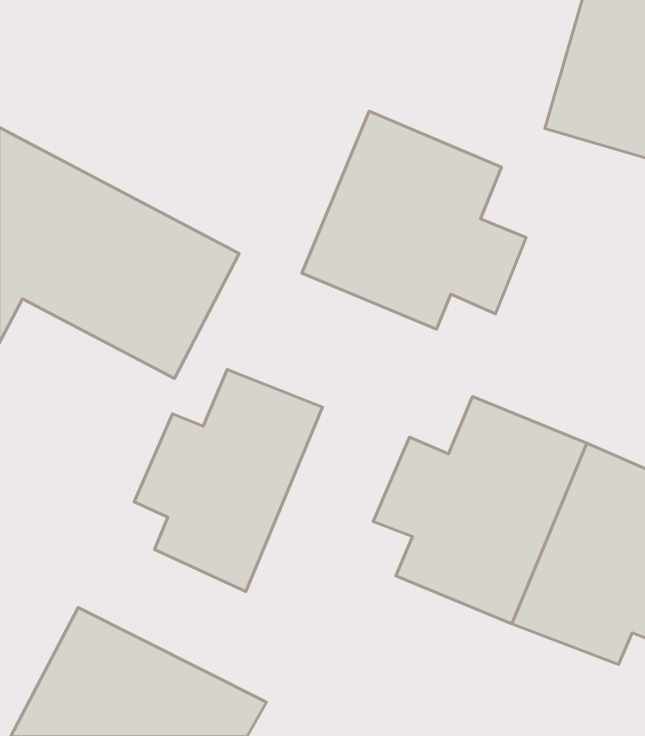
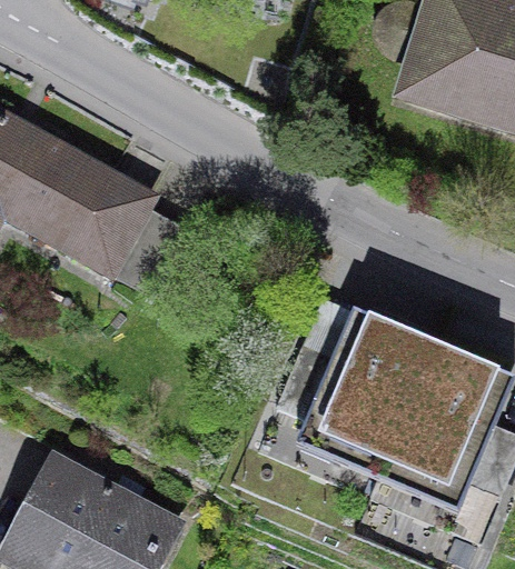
building: [302,111,526,329] -> none
building: [134,370,323,592] -> none

